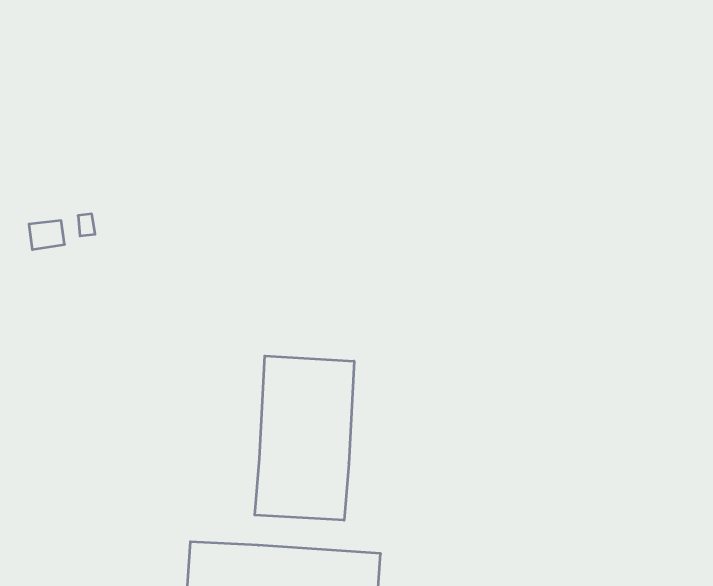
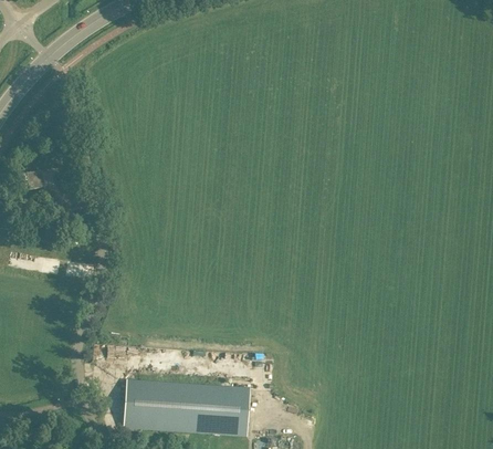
building: [255,356,354,520] -> none

